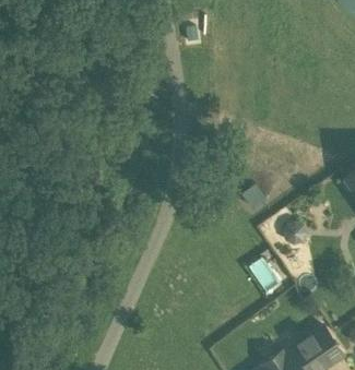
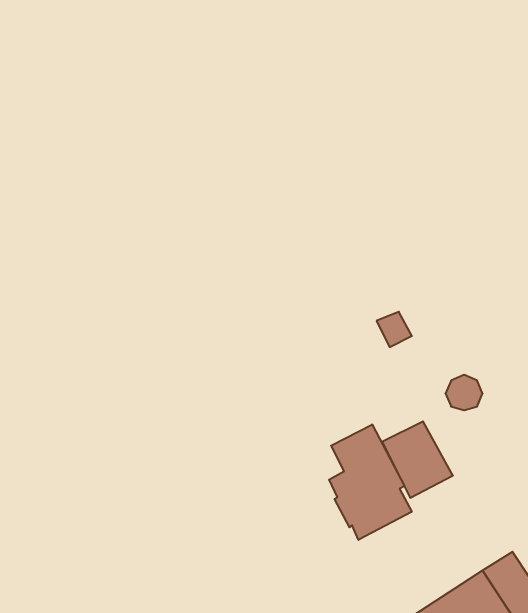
building: none -> [329,424,412,540]

